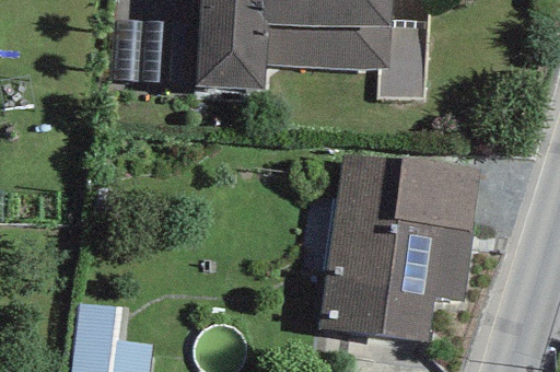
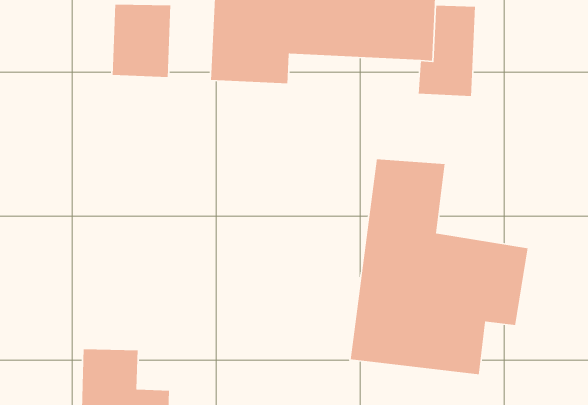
building: [393,160,481,233] -> none

